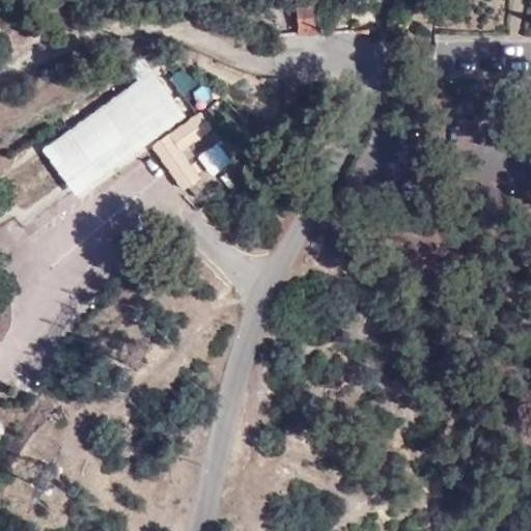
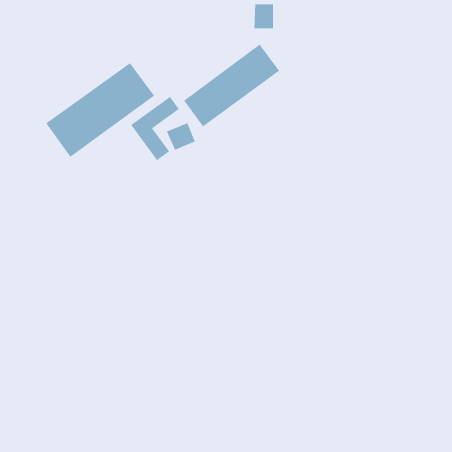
building: none -> [183,44,280,128]
building: [40,71,185,197] -> none

